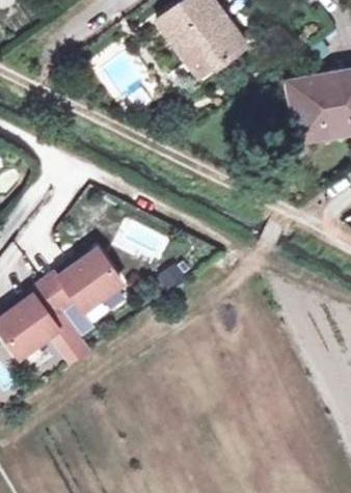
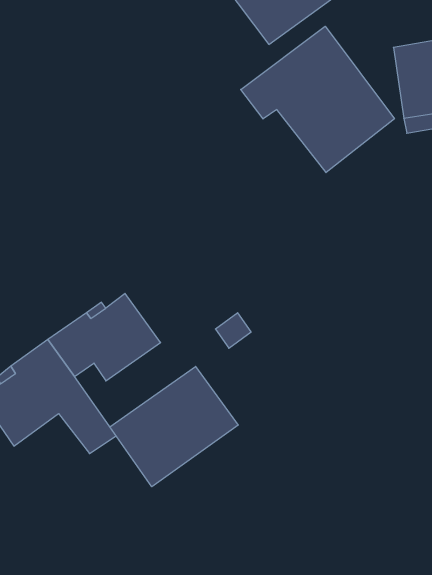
building: none -> [241,26,394,173]
building: none -> [110,366,238,487]

